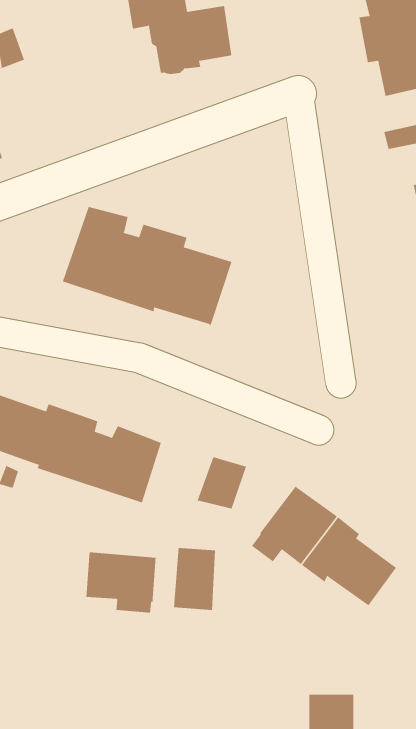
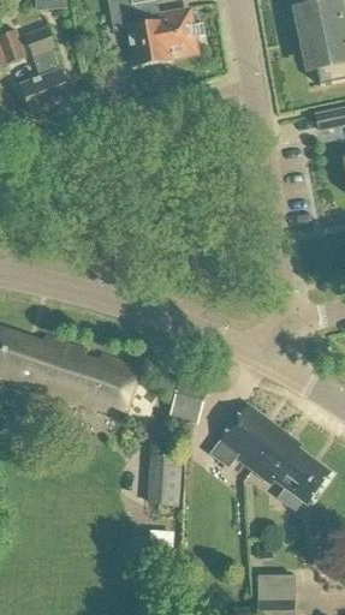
building: none -> [20,26,70,114]
building: [62,206,232,327] -> none
building: [86,551,156,613] -> none

